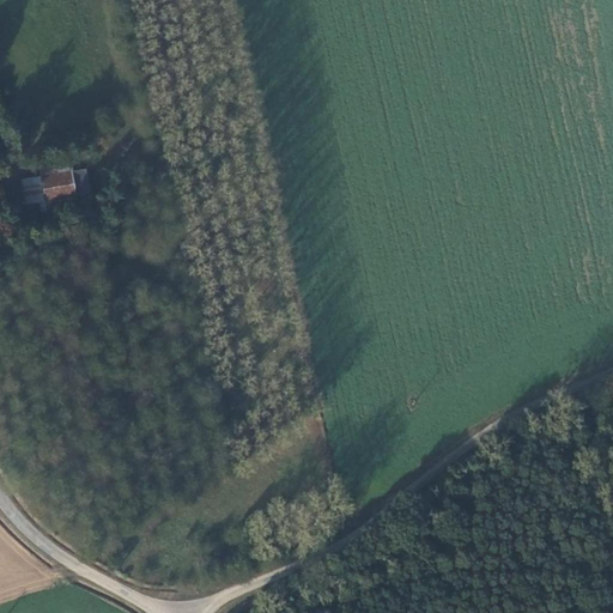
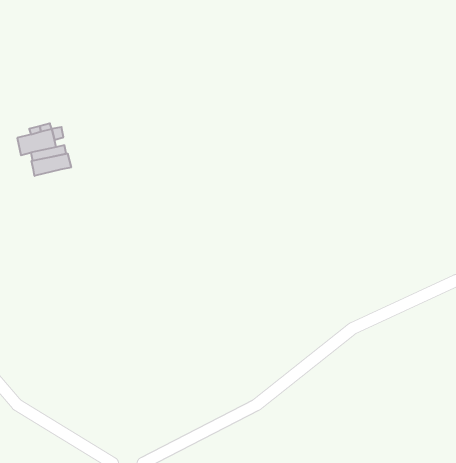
building: none -> [32,154,71,176]

